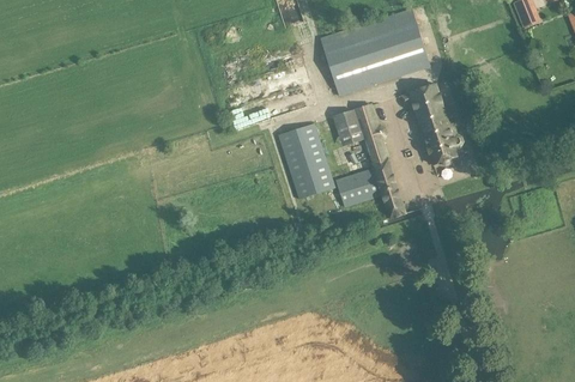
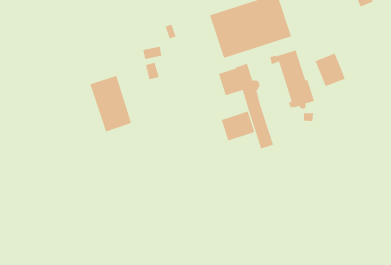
building: none -> [315,53,345,87]
building: [278,122,335,199] -> [89,75,132,132]

